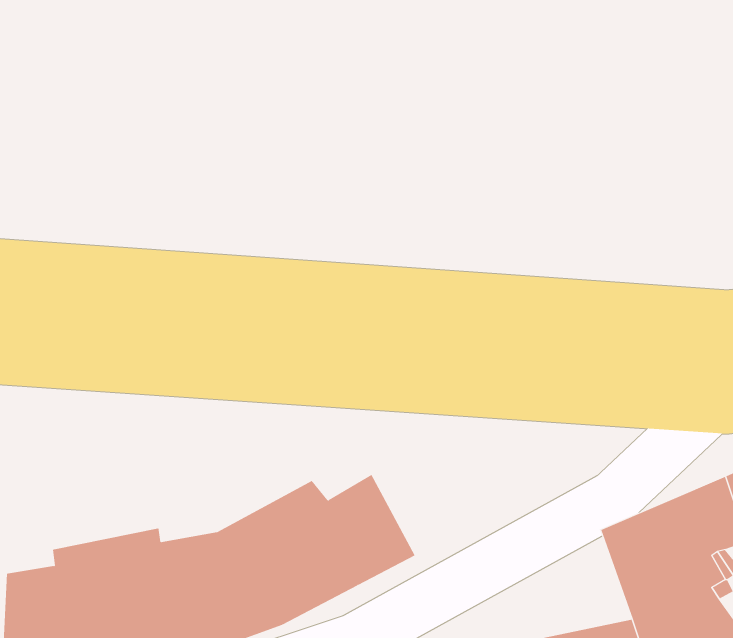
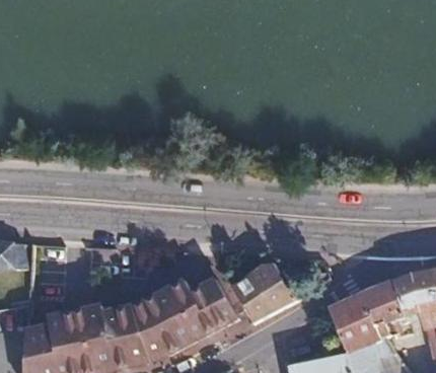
building: none -> [231,266,303,325]

